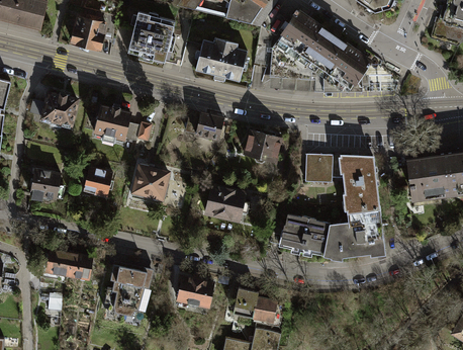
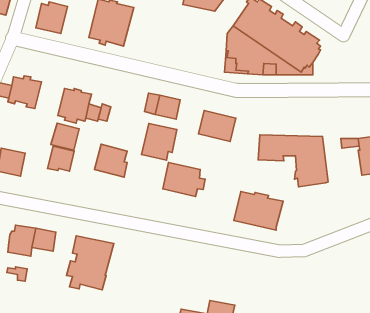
building: [195,37,248,81] -> none
building: none -> [51,123,79,150]
building: none -> [142,123,177,160]
building: [325,205,385,255] -> none
building: [177,275,213,307] -> none
building: [233,288,278,322] -> none

